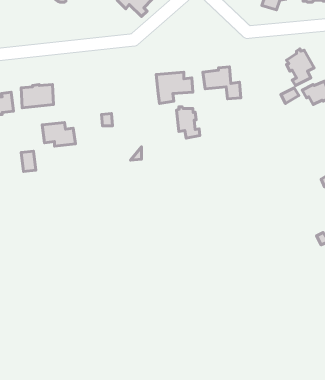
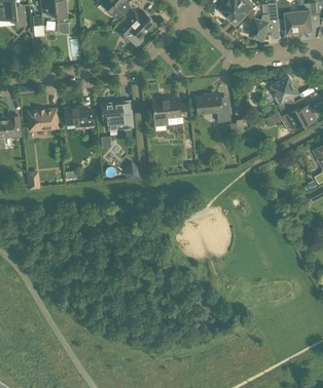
building: none -> [99,102,130,129]
building: [177,107,200,138] -> none
building: [42,123,76,146] -> [62,106,93,127]

